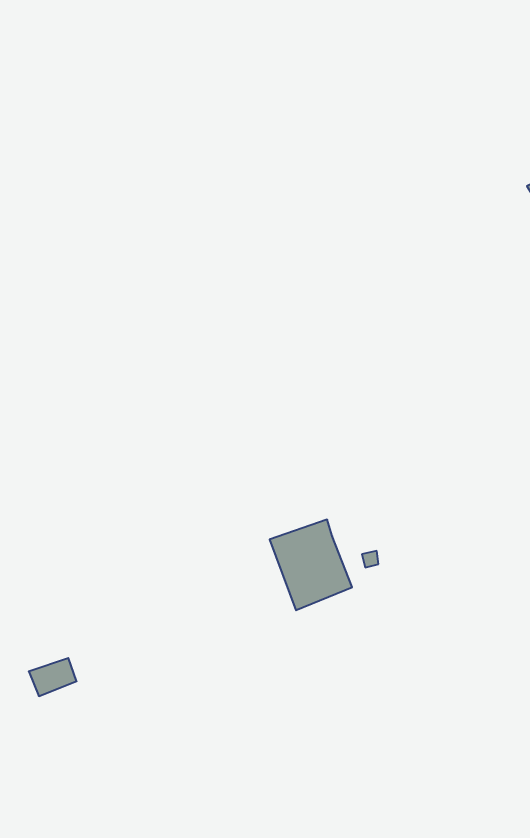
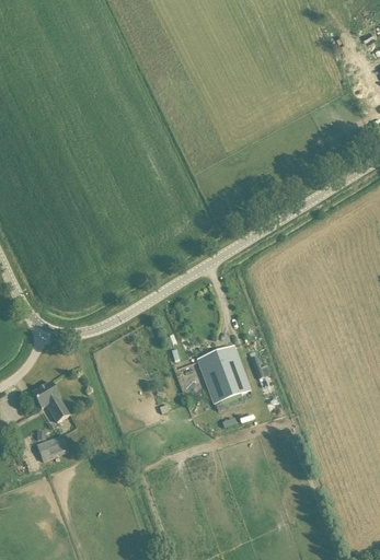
building: none -> [33,384,70,423]

